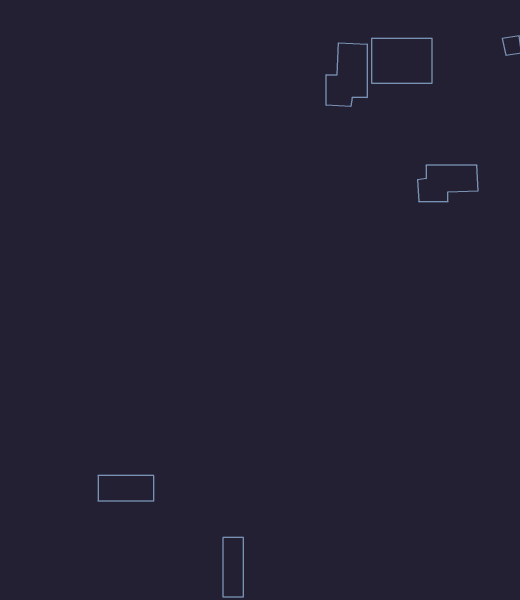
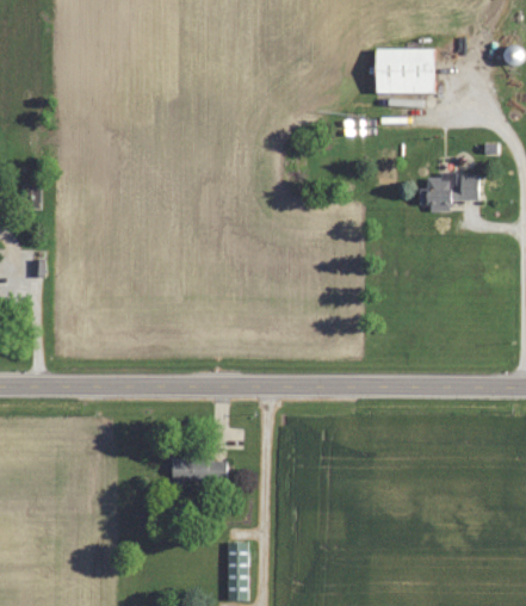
building: [326,43,367,106] -> none
building: [98,476,154,501] -> [173,459,228,484]

